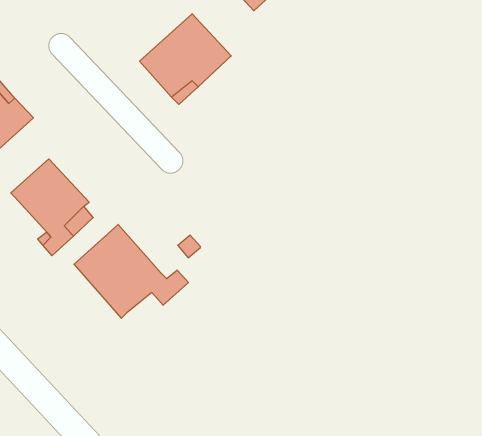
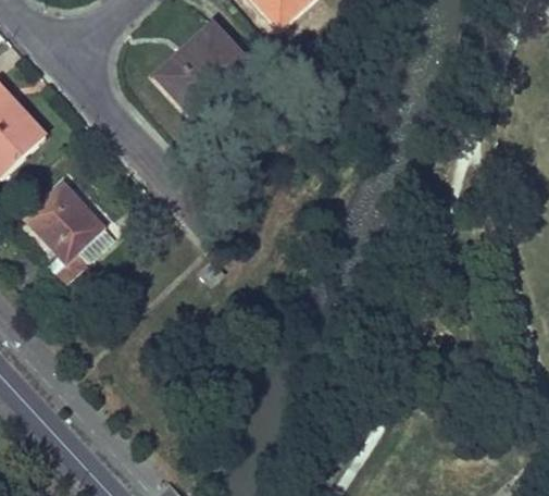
building: [74,224,188,318] -> none

